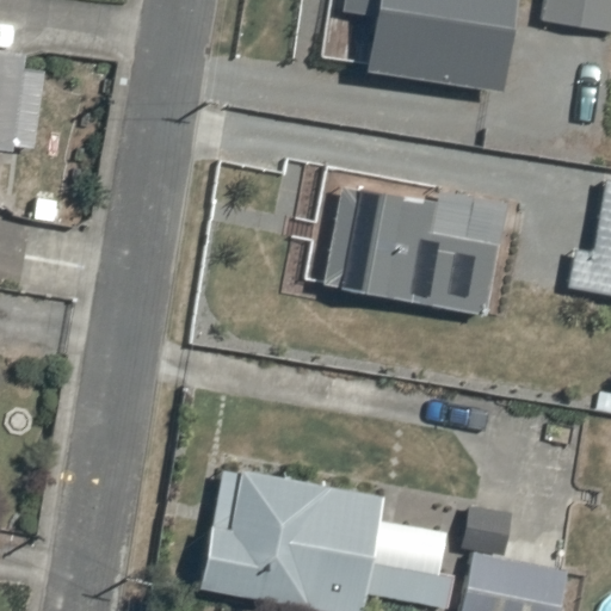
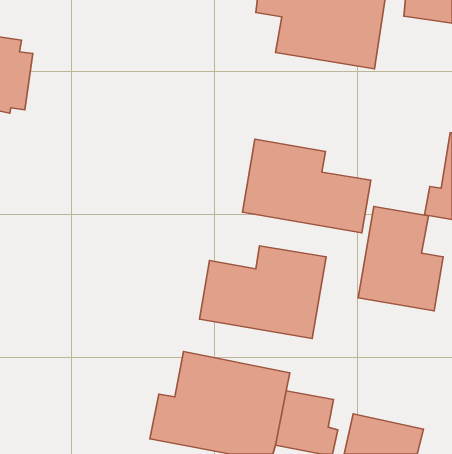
building: none -> [358,206,443,311]
building: none -> [199,246,326,338]

